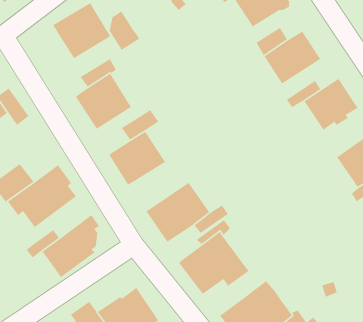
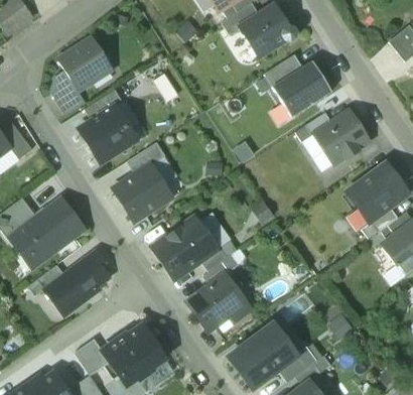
building: [109,10,140,51] -> [52,72,85,113]

